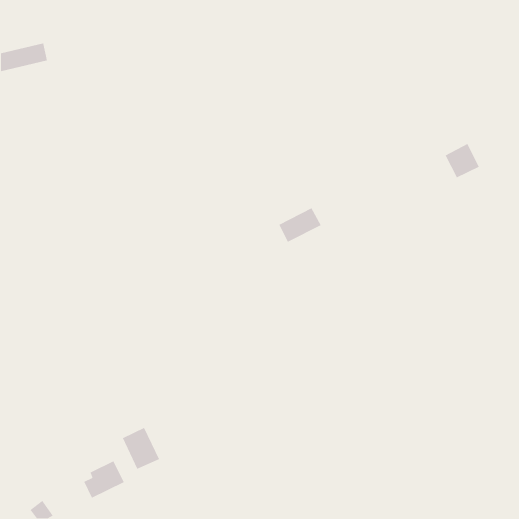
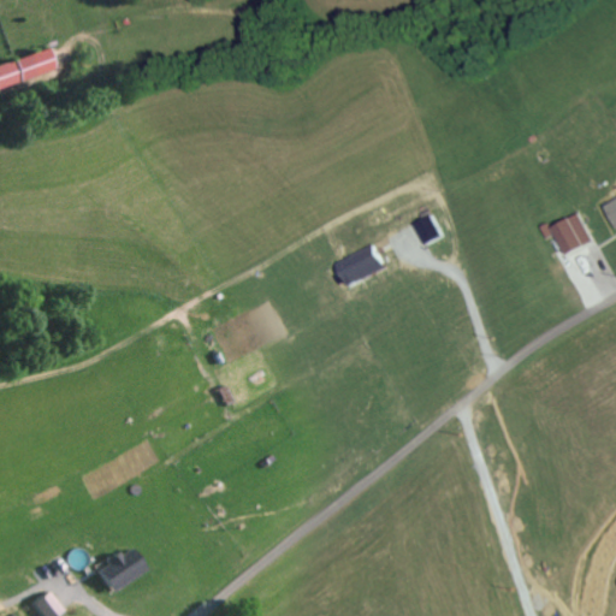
building: [444,143,480,178] -> [546,214,588,256]
building: [122,427,160,470] -> none

